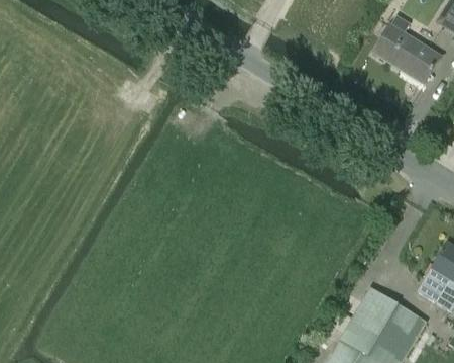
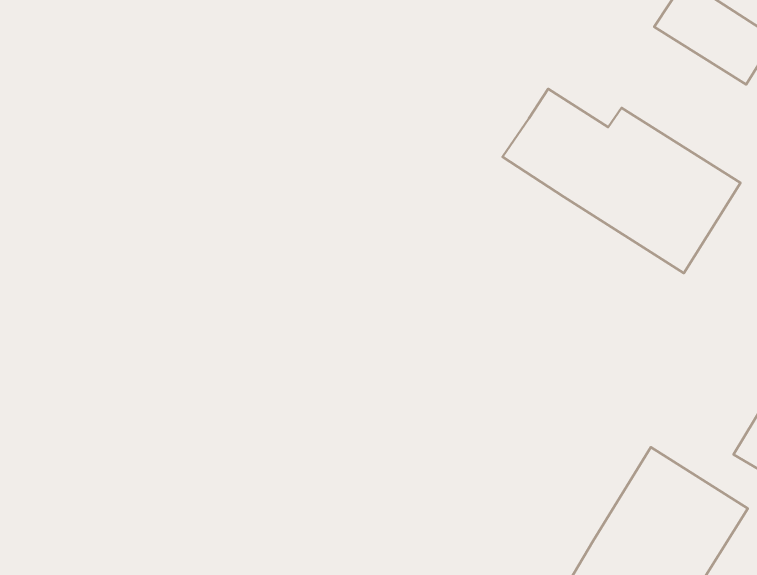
building: none -> [503,89,740,273]

